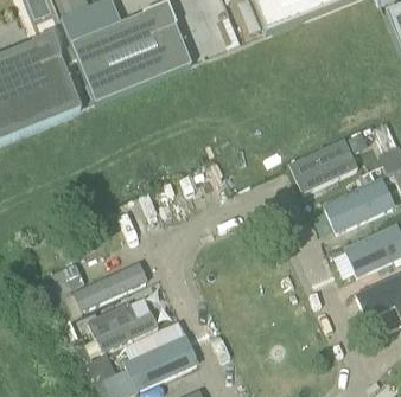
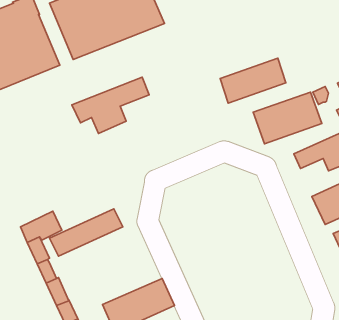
building: none -> [220,58,286,103]
building: none -> [72,77,149,133]
building: [89,301,158,350] -> none

